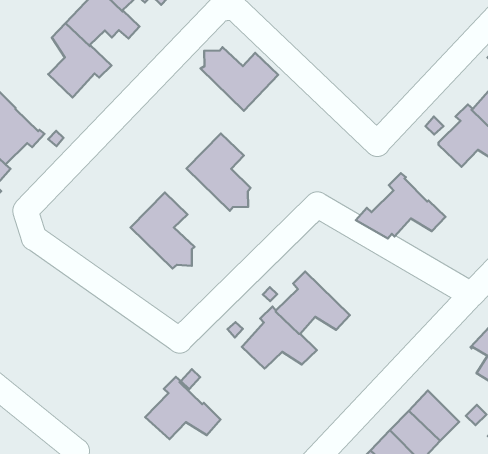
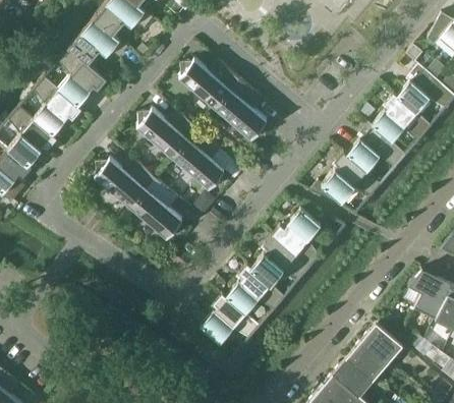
building: none -> [33,77,81,136]
building: none -> [215,79,267,140]
building: none -> [136,110,197,159]
building: none -> [346,122,406,173]
building: none -> [94,159,156,209]
building: none -> [272,209,321,268]
building: [145,377,221,439] -> [200,294,260,344]

